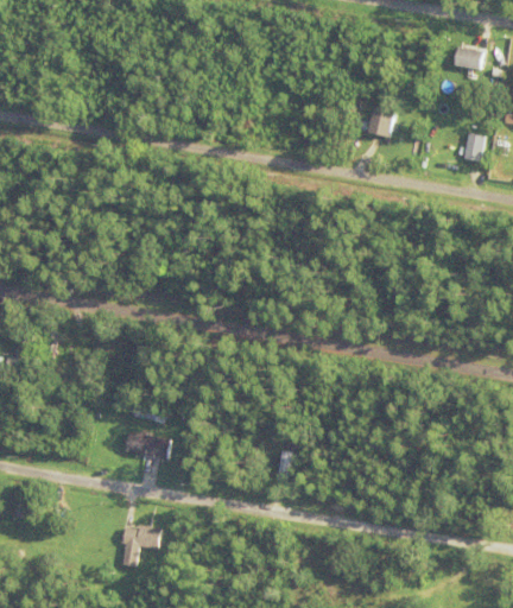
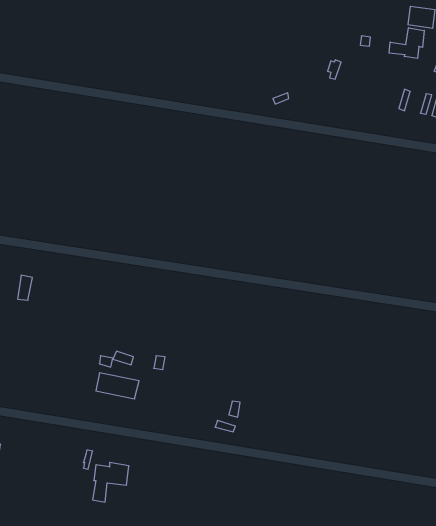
building: none -> [389,28,424,58]

